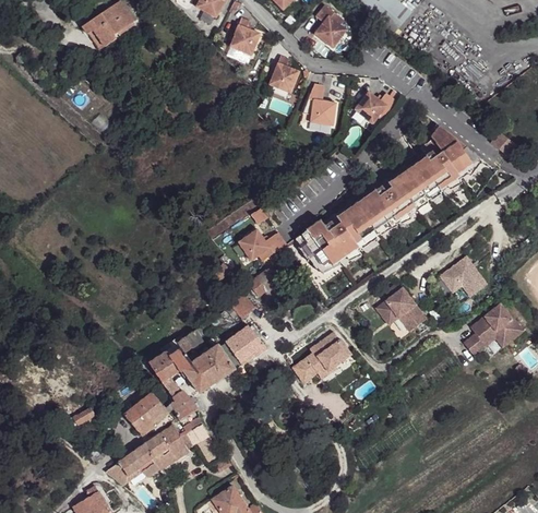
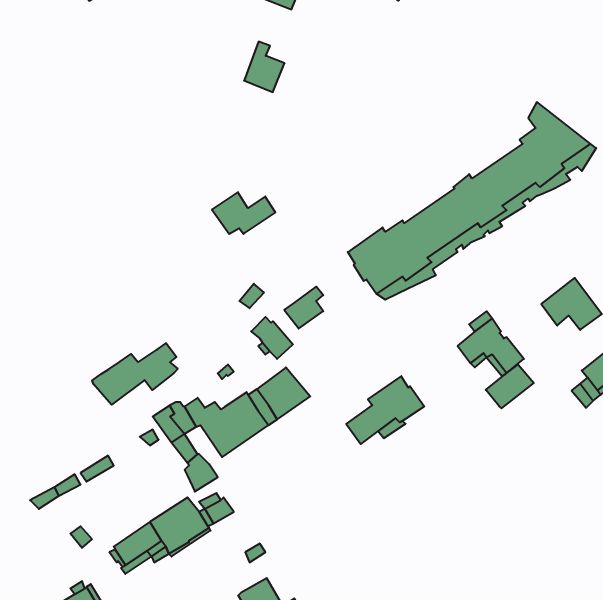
building: [270,55,300,93] -> [244,42,285,92]
building: [302,83,336,126] -> none
building: [355,92,397,123] -> none
building: [237,228,285,260] -> [212,192,275,234]
building: none -> [92,343,178,405]
building: none -> [486,365,534,408]
building: [123,392,168,434] -> none

